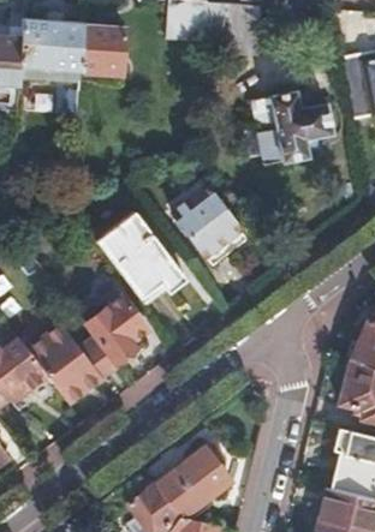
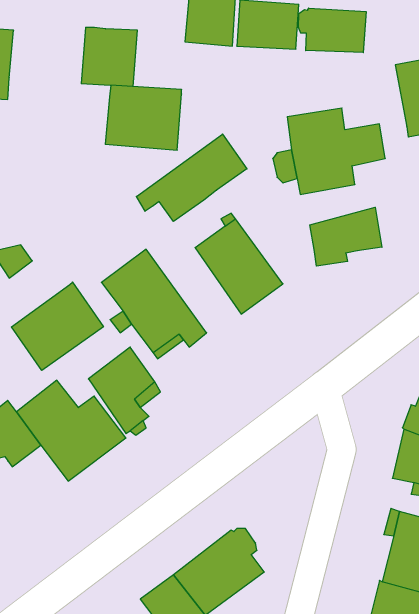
building: none -> [299,8,366,53]
building: [19,19,83,73] -> [105,85,182,150]
building: none -> [136,134,247,221]
building: none -> [310,207,382,266]
building: none -> [11,282,103,370]

